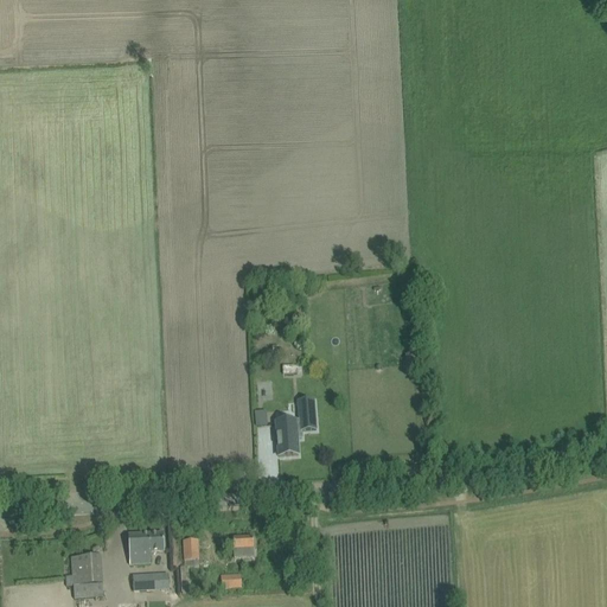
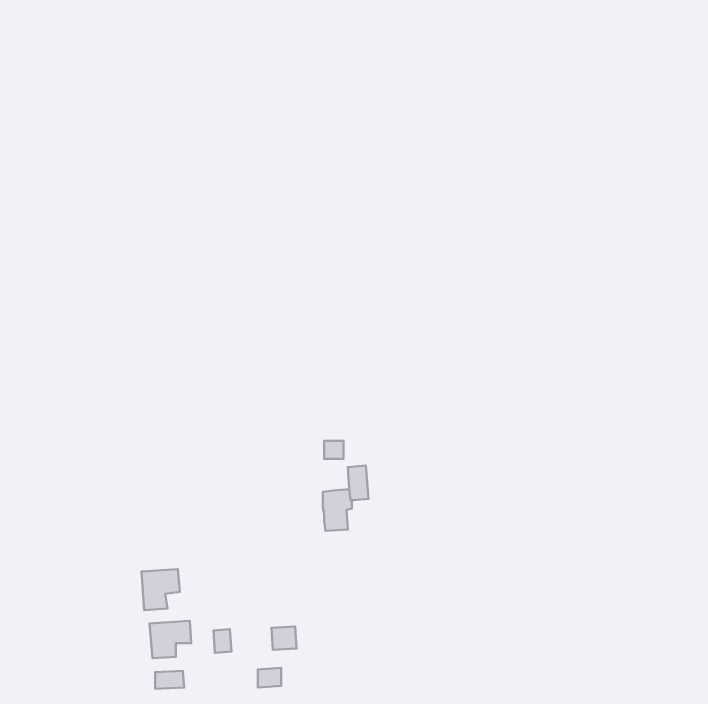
building: none -> [142,569,180,610]
building: [64,554,103,596] -> none

